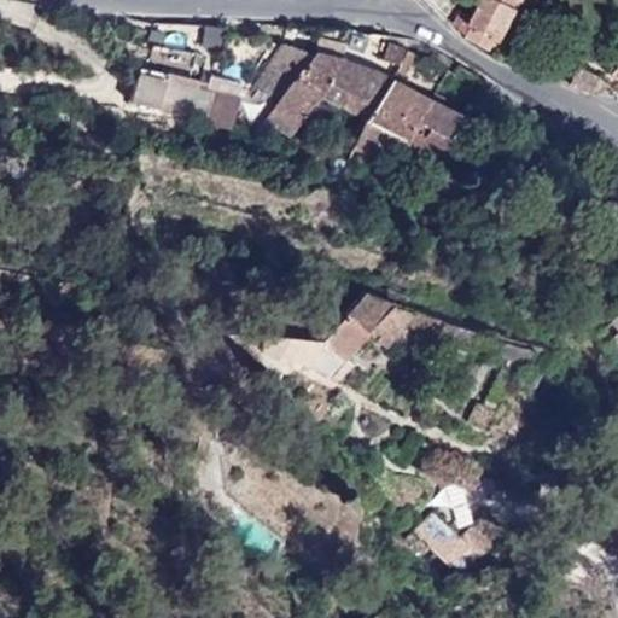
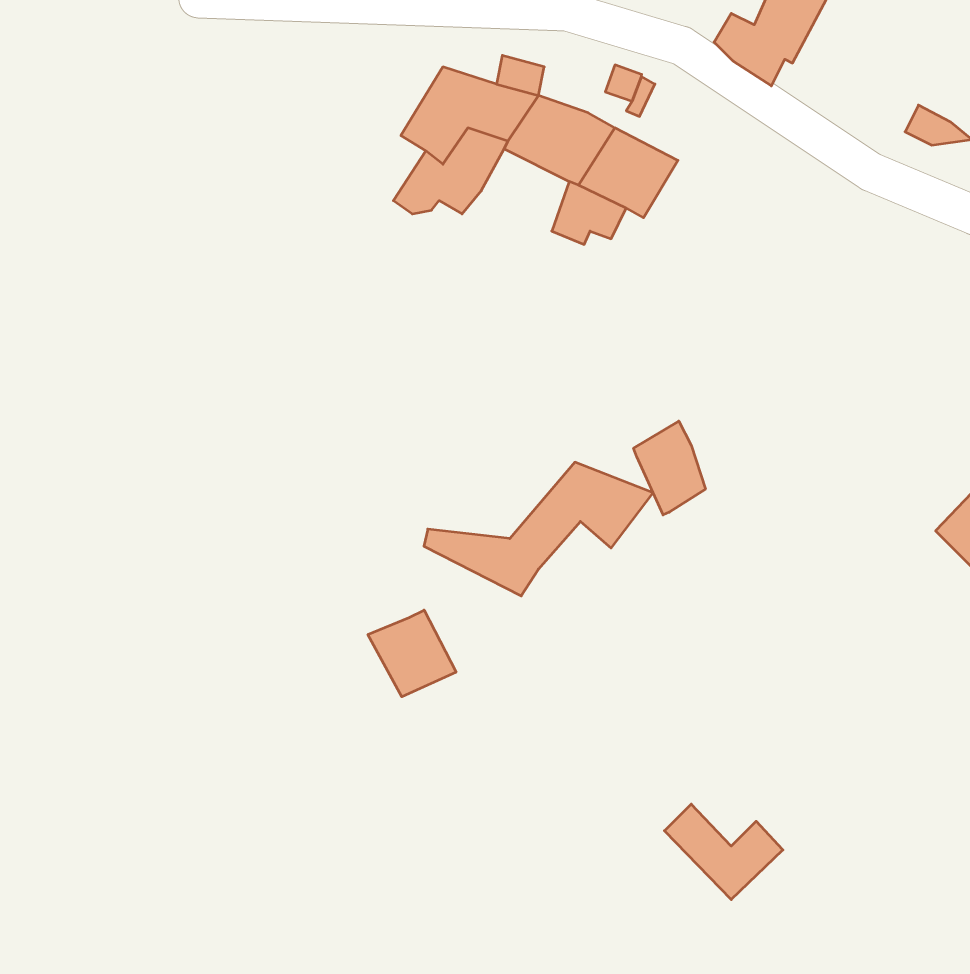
building: [133,66,243,129] -> none
building: [410,101,466,154] -> none
building: none -> [634,421,705,515]
building: none -> [368,610,456,697]

